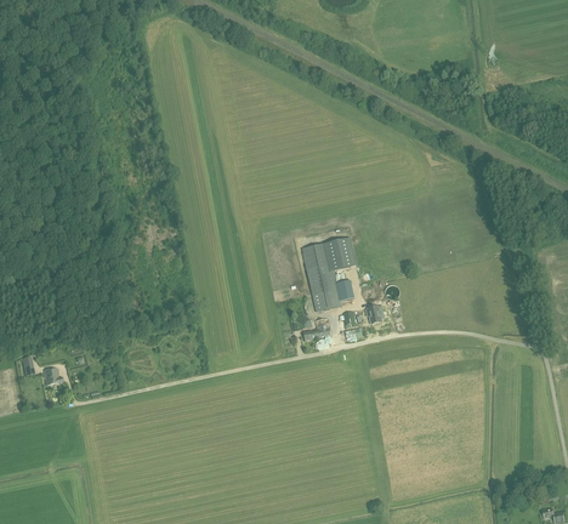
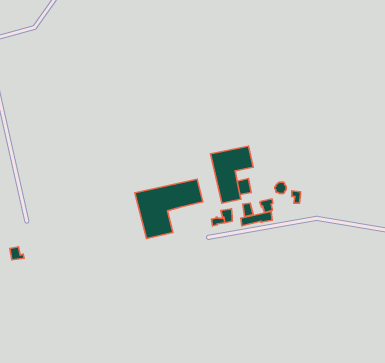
building: none -> [135,179,203,238]

